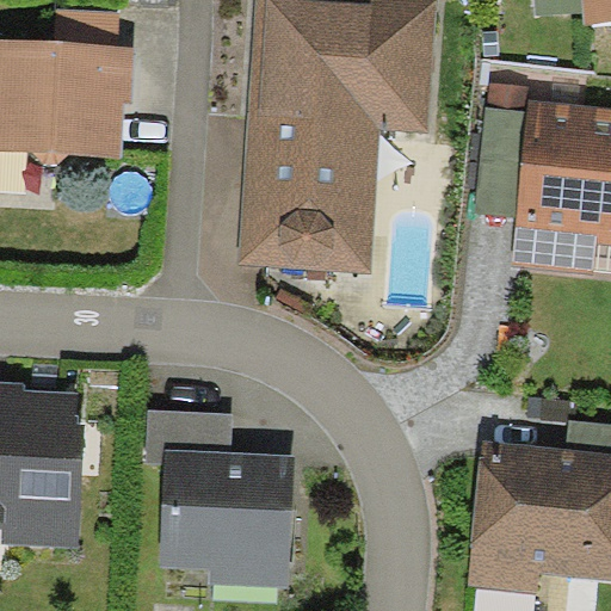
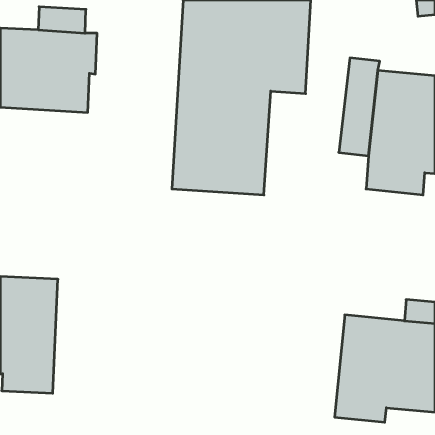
building: [142,402,283,575] -> none

